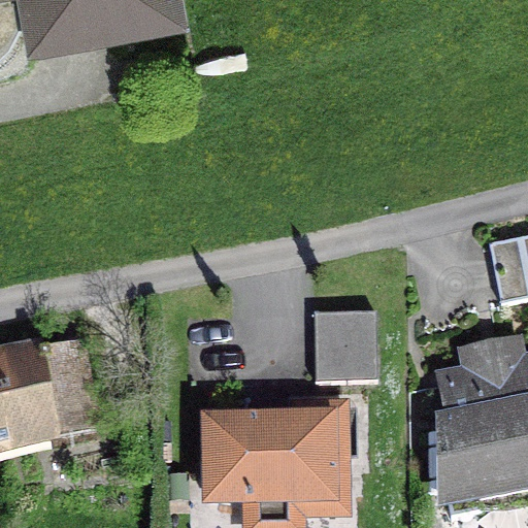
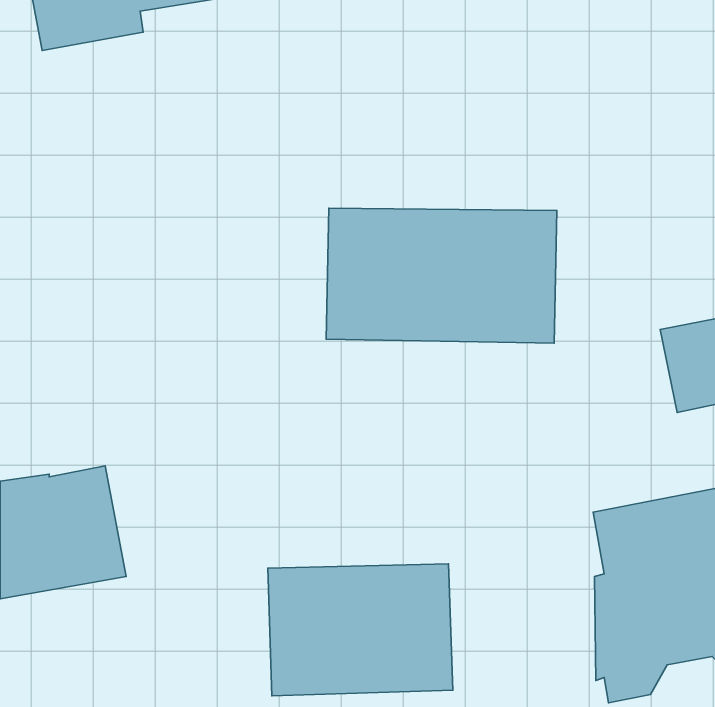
building: none -> [326,208,557,343]
building: [321,311,383,381] -> none

